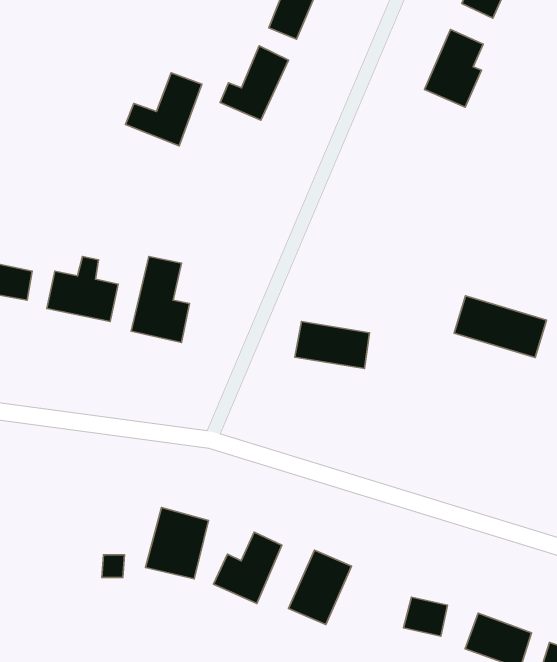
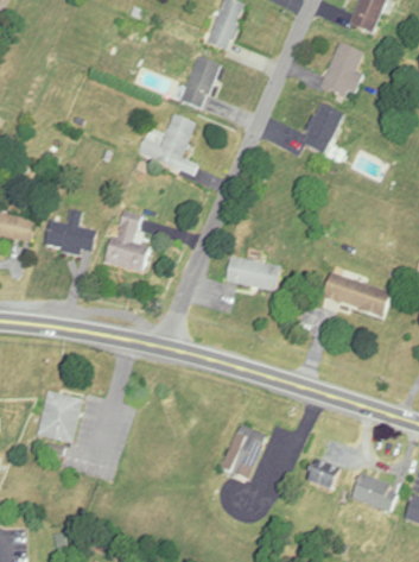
building: [126,73,202,146] -> [139,113,195,166]
building: none -> [300,101,343,153]
building: [454,296,547,357] -> [323,272,391,317]
building: [145,508,209,579] -> [34,389,81,441]
building: [213,532,282,603] -> none

